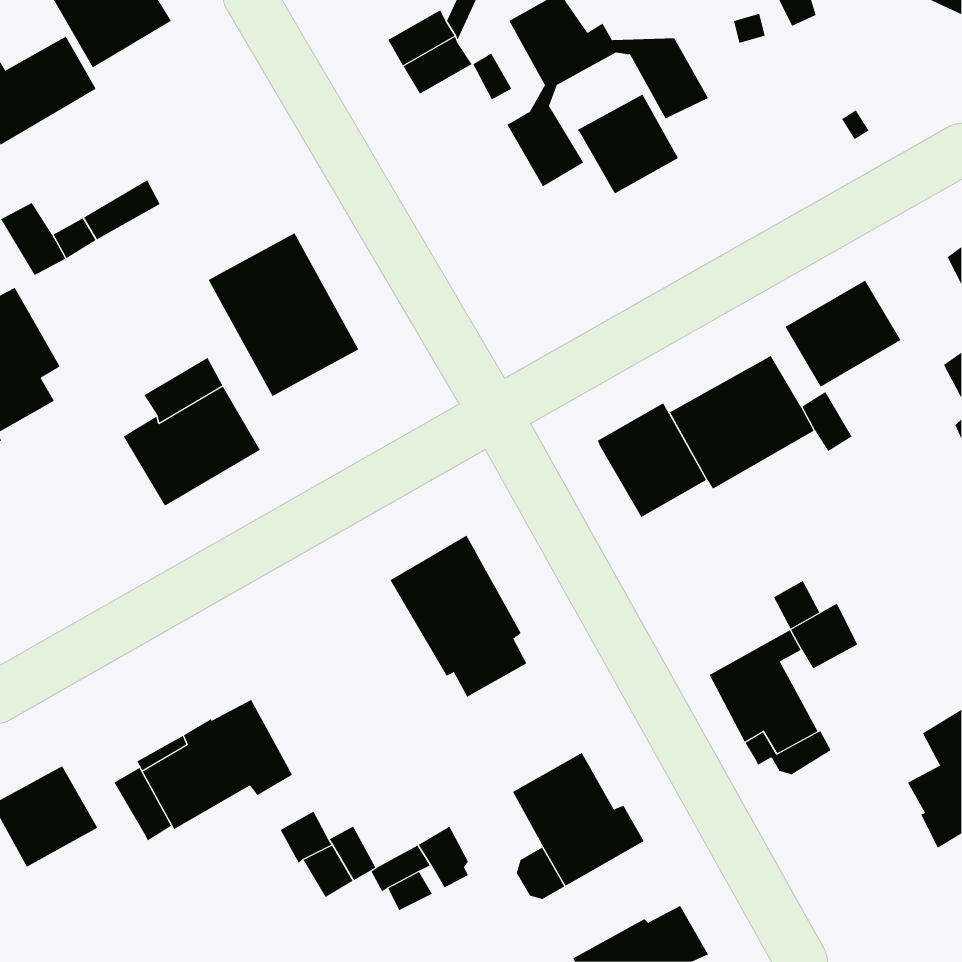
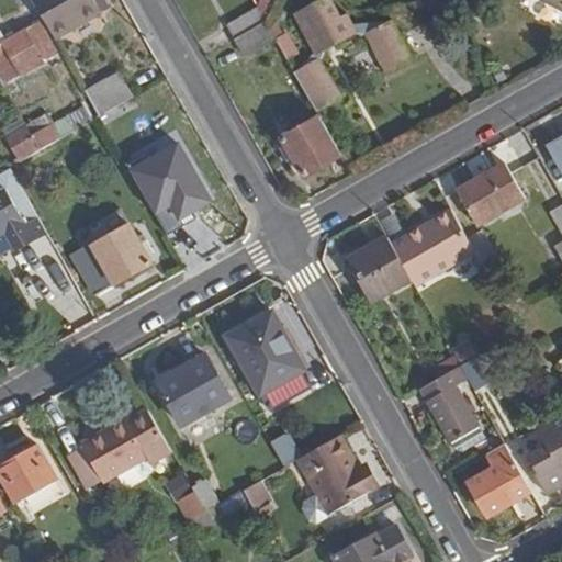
building: [577,94,679,194] -> [281,116,340,175]
building: none -> [83,72,132,116]
building: none -> [156,356,227,427]
building: none -> [468,443,529,515]

